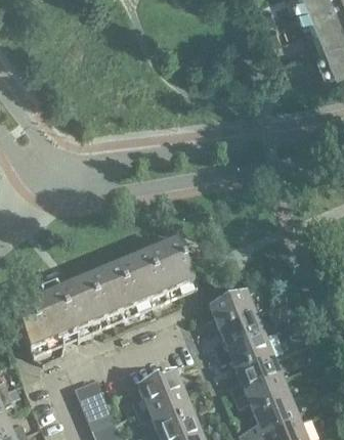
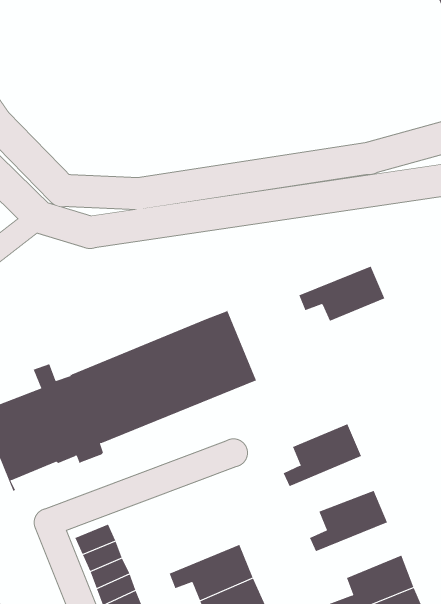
building: [197,289,254,325] -> [299,266,385,322]
building: [215,332,271,368] -> none
building: [131,368,182,409] -> none
building: [232,376,290,412] -> none

